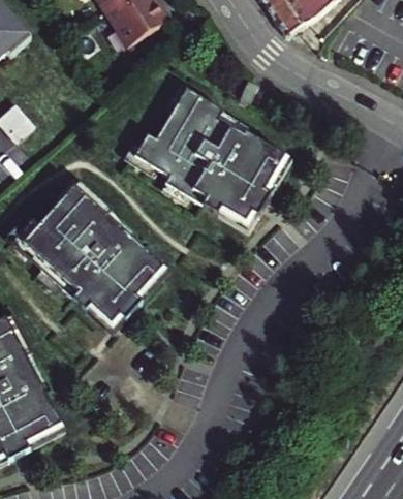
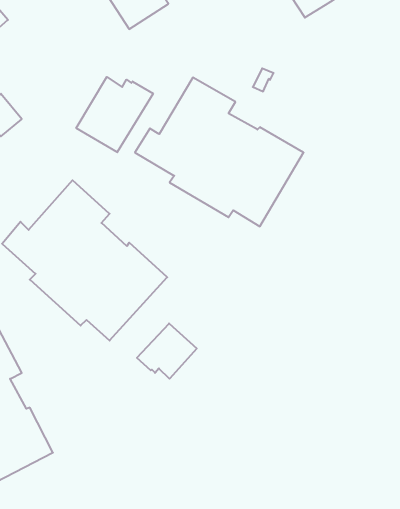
building: none -> [76,77,153,152]
building: none -> [137,323,197,379]

